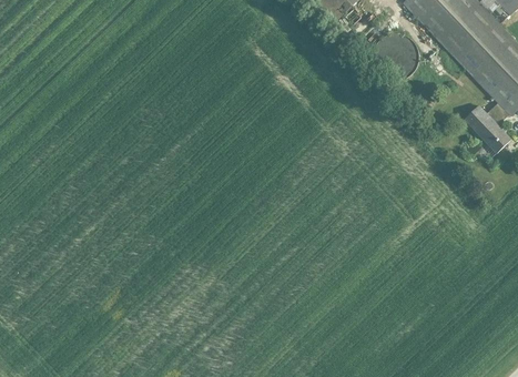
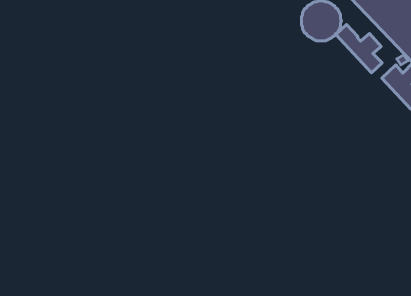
building: none -> [336,25,382,73]

